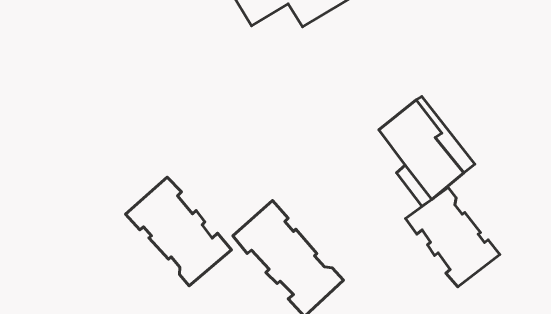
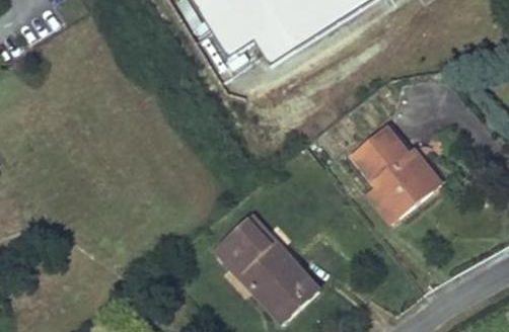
building: [126,177,232,286] -> none
building: [406,187,500,287] -> none

